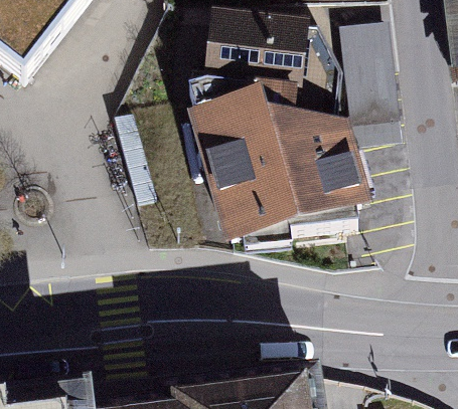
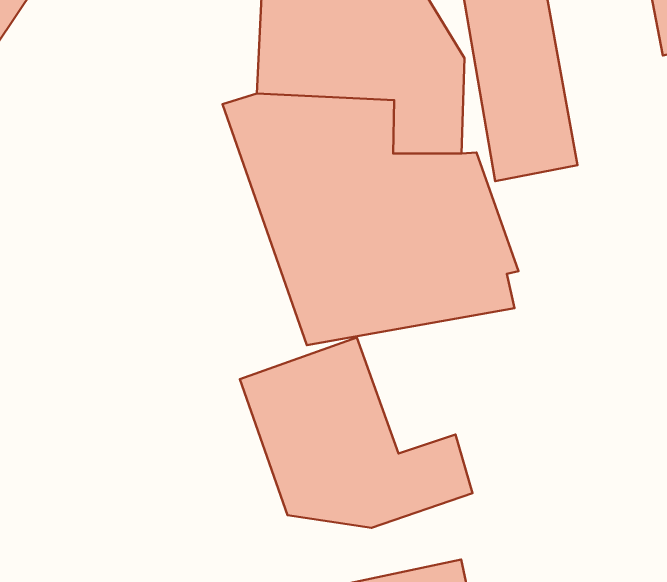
building: none -> [240,338,473,528]

